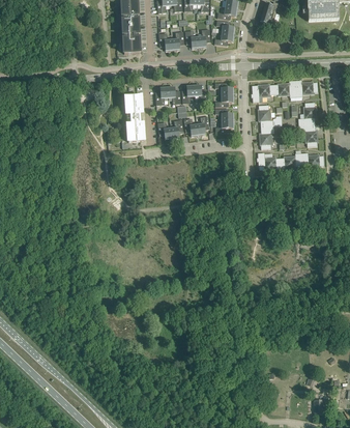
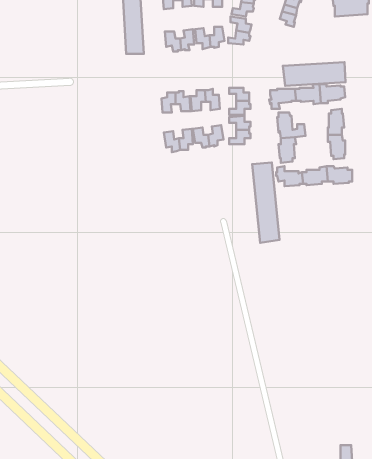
building: none -> [283,62,346,86]
building: [118,93,143,142] -> none
building: none -> [252,162,279,243]

